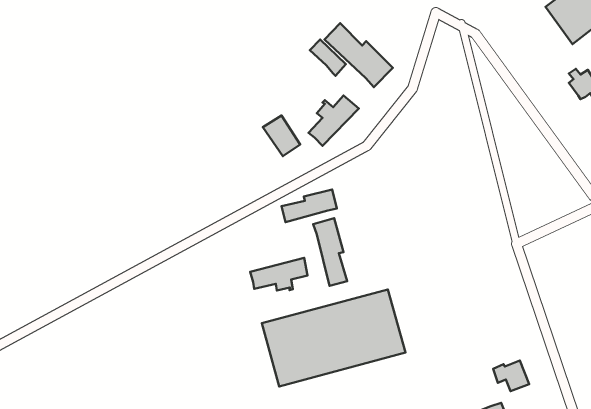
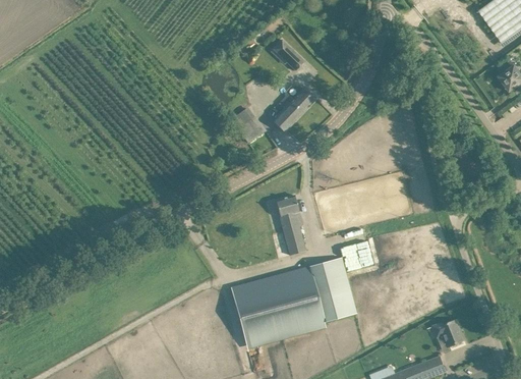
building: [325,23,393,87] -> none
building: [281,189,337,222] -> none
building: [250,258,307,290] -> none

